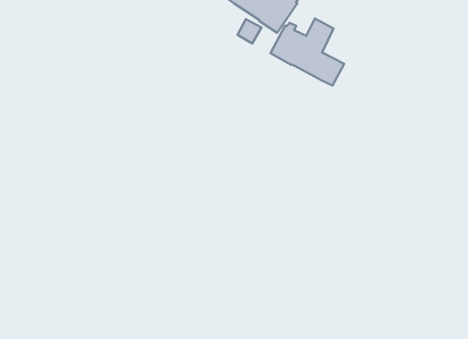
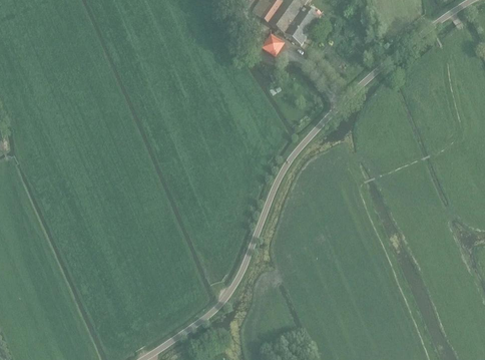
building: [271,19,344,86] -> none

